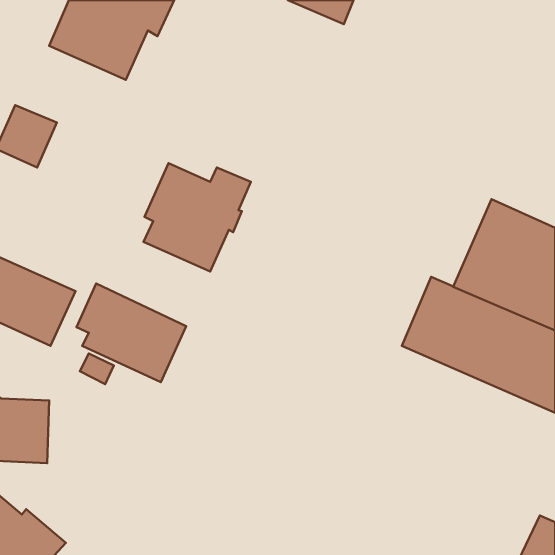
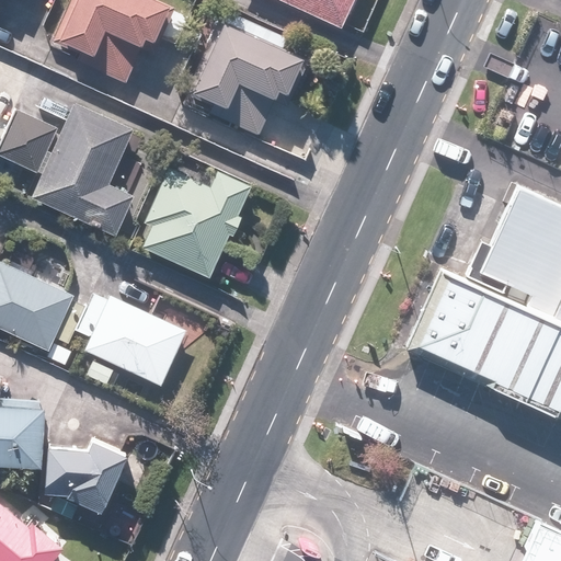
building: none -> [184,16,309,135]
building: none -> [34,104,135,233]
building: none -> [45,442,170,513]

